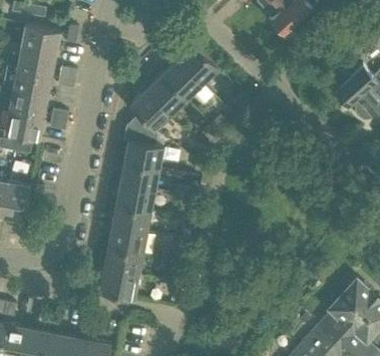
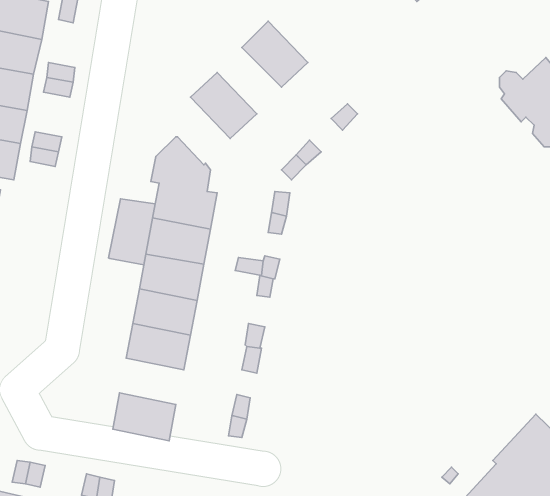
building: [162,59,202,99] -> none
building: [129,89,170,130] -> none
building: none -> [108,199,155,265]
building: [103,248,142,276] -> none

